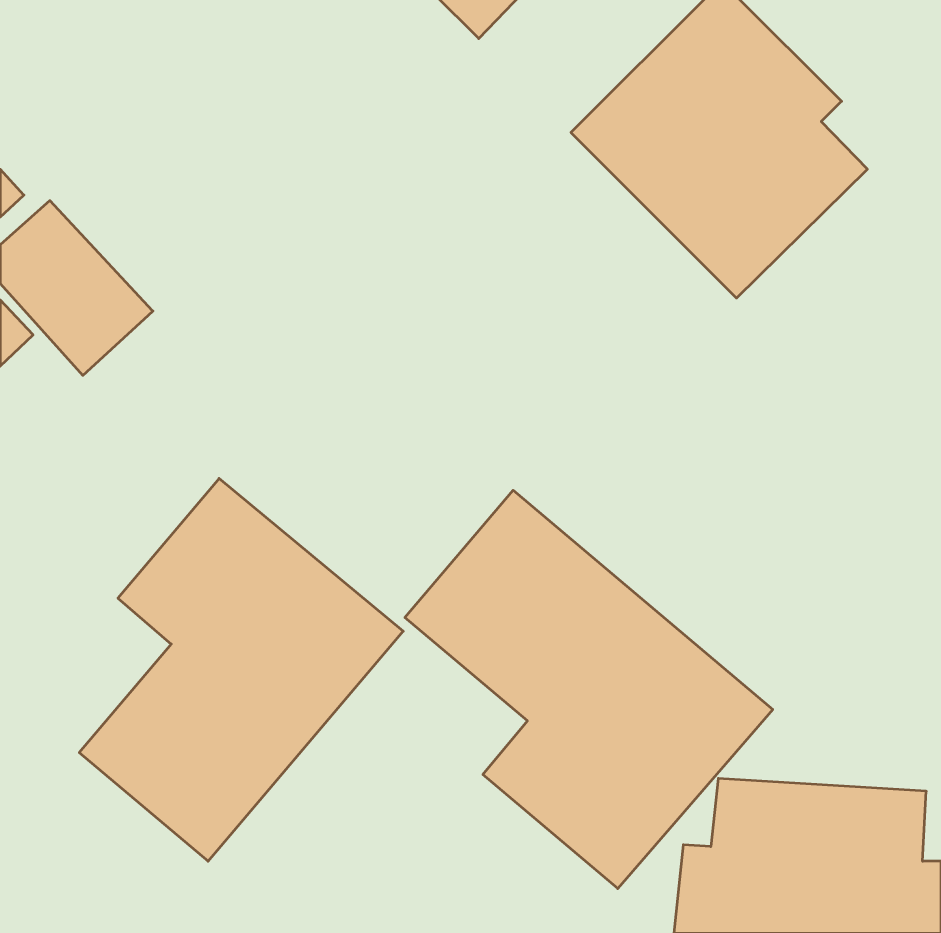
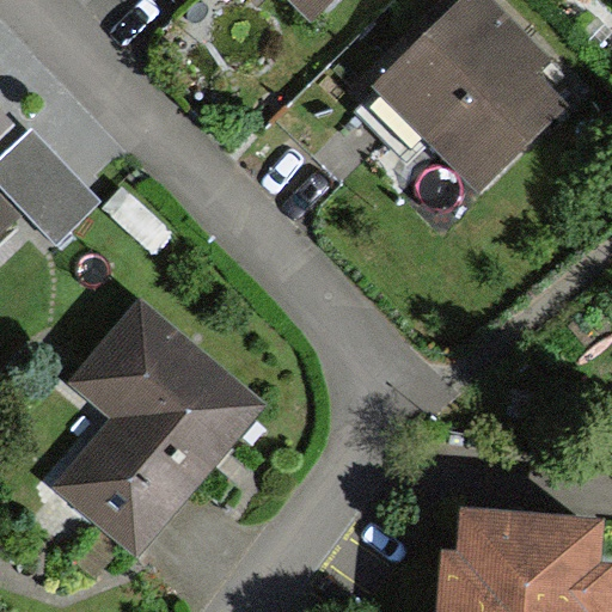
building: [405,490,773,889] -> none

